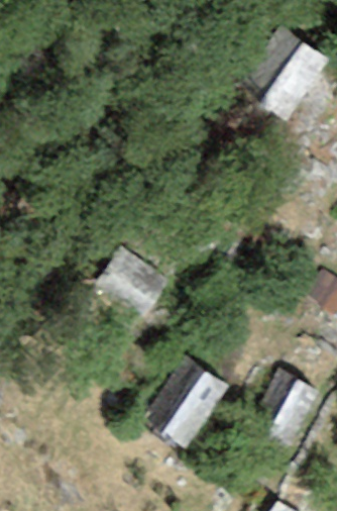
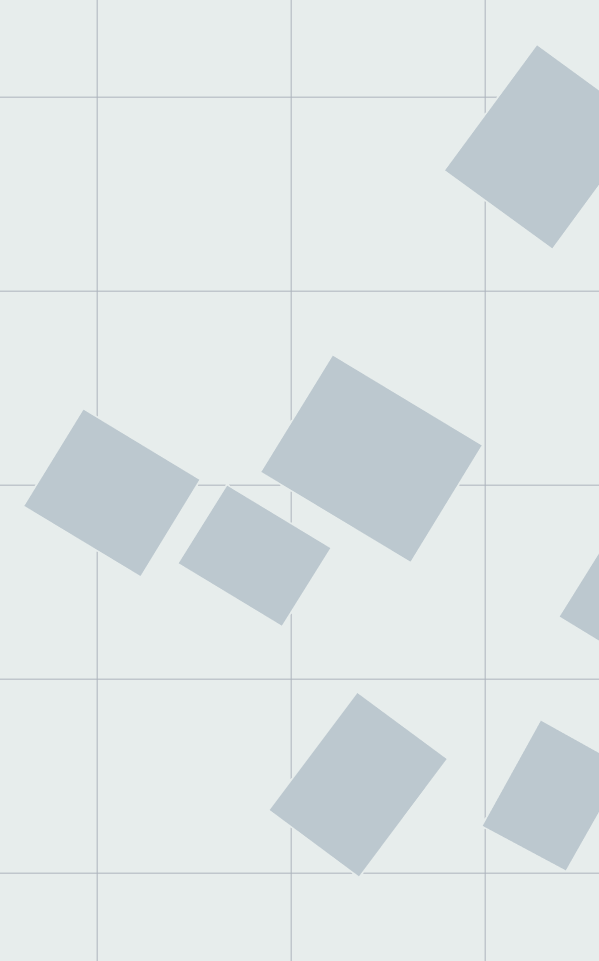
building: none -> [260,354,483,563]
building: none -> [23,409,201,577]

